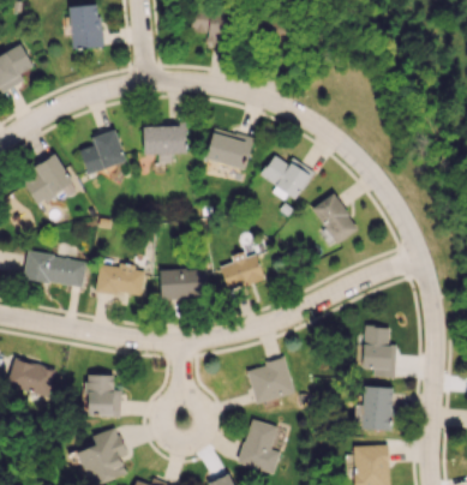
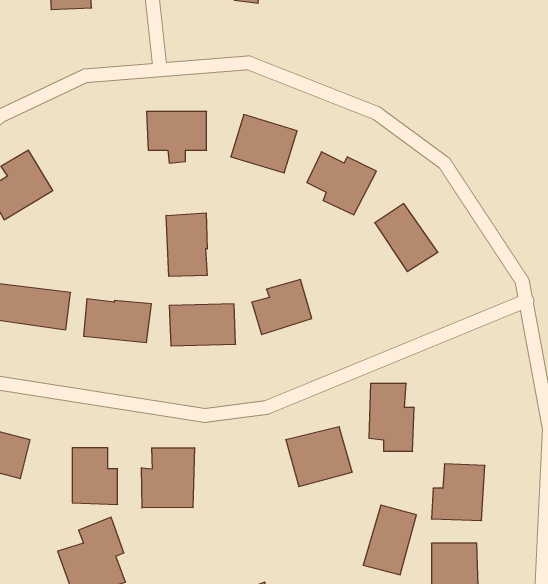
building: [79,128,126,174] -> none
building: none -> [166,213,207,276]
building: [363,327,396,377] -> [369,383,414,451]
building: none -> [142,448,194,508]
building: [238,419,277,471] -> [363,505,416,575]

